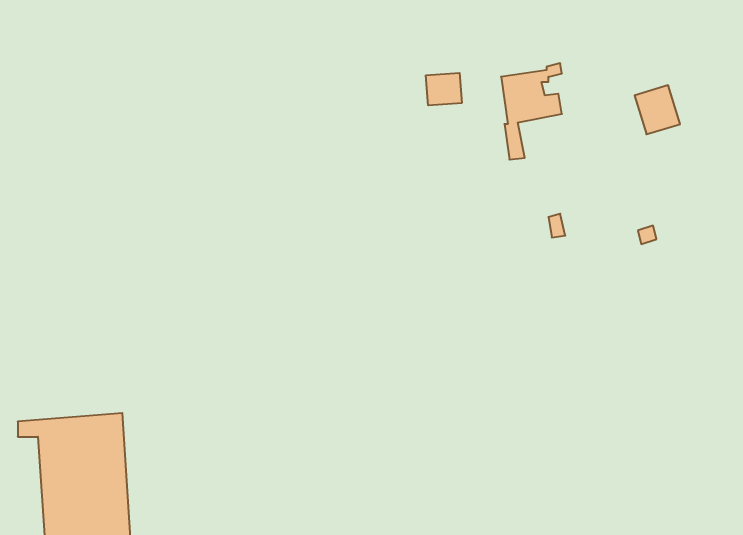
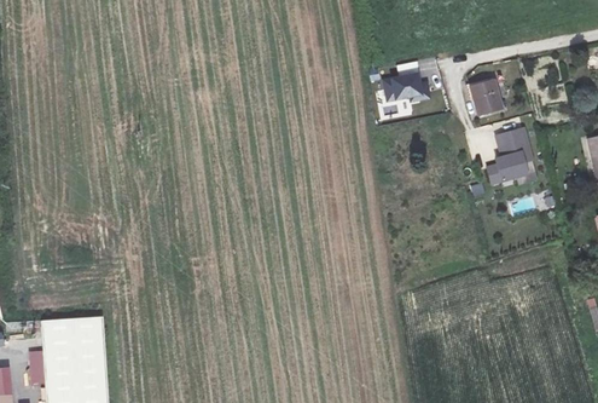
building: [426,73,462,105] -> none
building: none -> [484,126,536,185]

